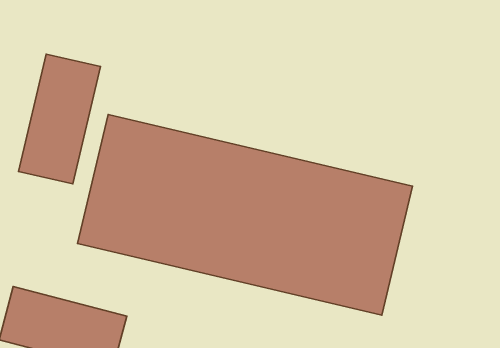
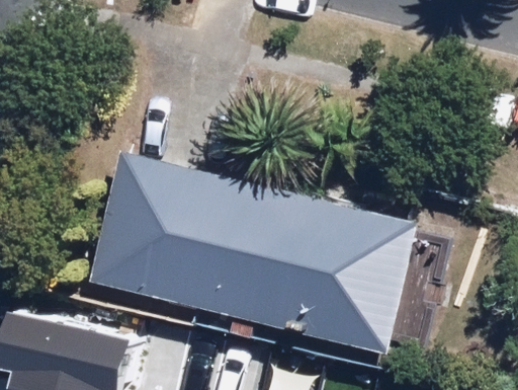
building: [19,54,101,184] -> none

